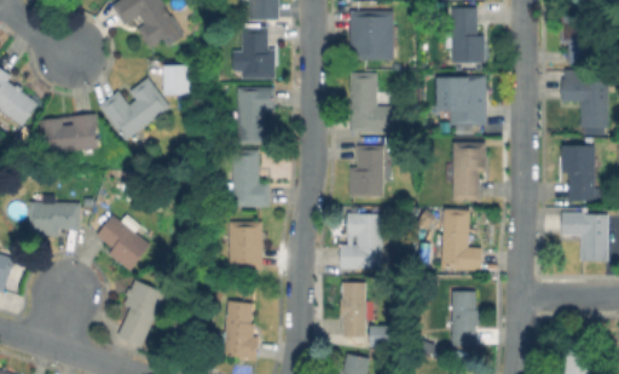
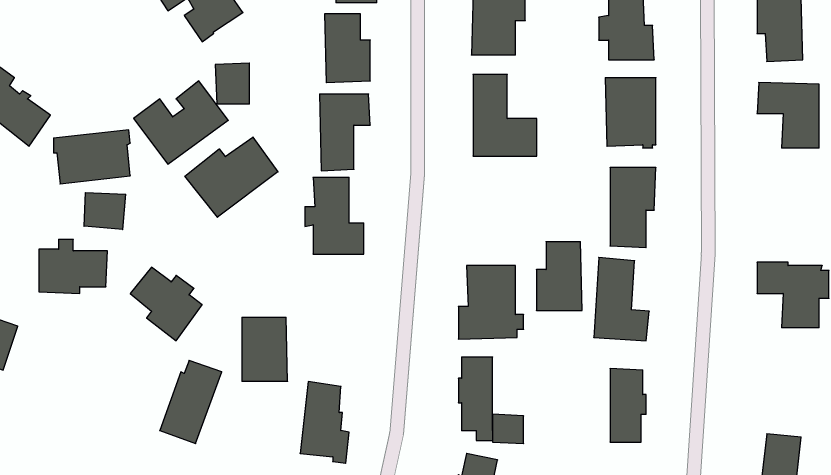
building: none -> [185,137,278,217]
building: [349,145,383,196] -> [536,242,582,310]
building: [562,145,595,201] -> none
building: none -> [84,193,126,230]
building: [228,221,262,269] -> [242,317,288,381]

